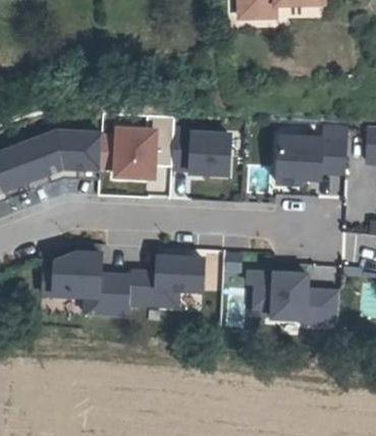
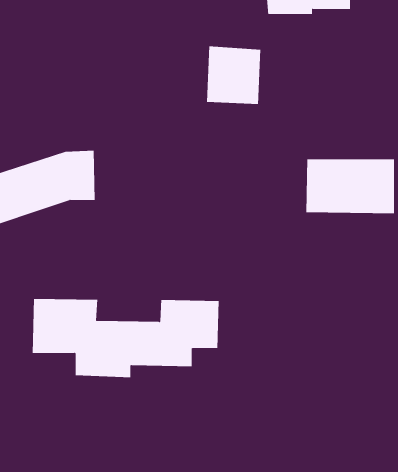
building: [112,124,157,178] -> none
building: [185,126,231,175] -> [206,46,261,105]
building: [250,267,340,324] -> none

